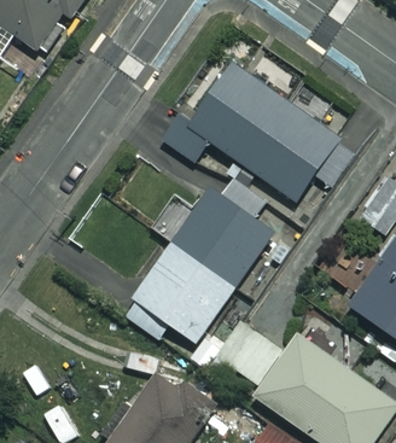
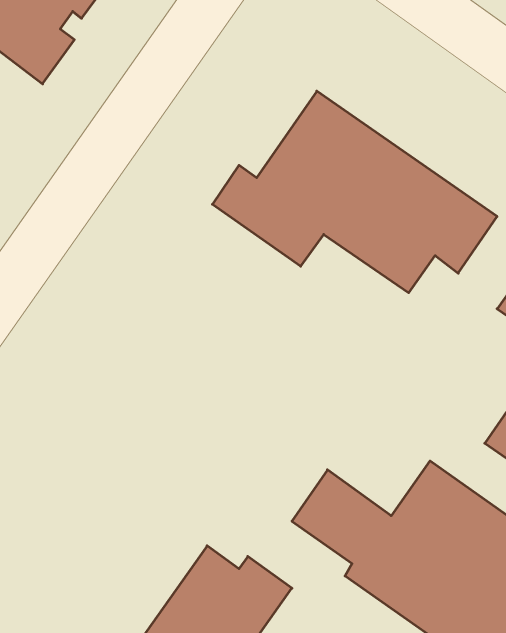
building: [133,177,274,342] -> none

